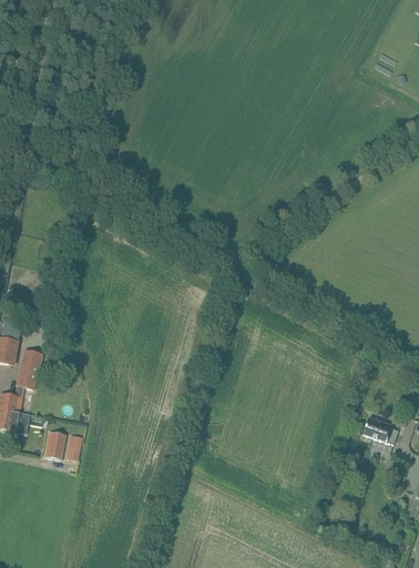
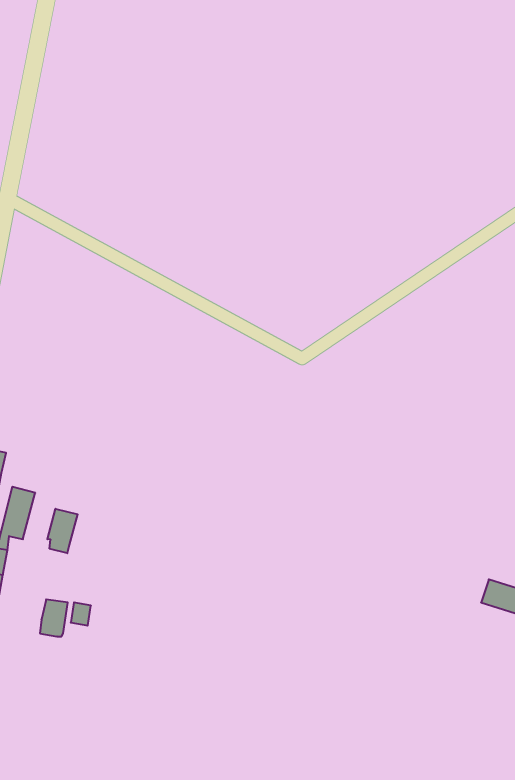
building: none -> [47,509,78,553]

